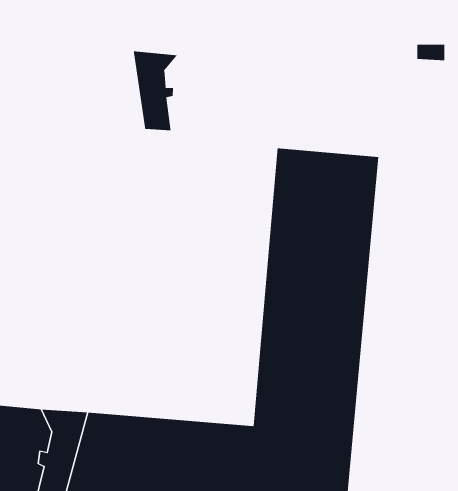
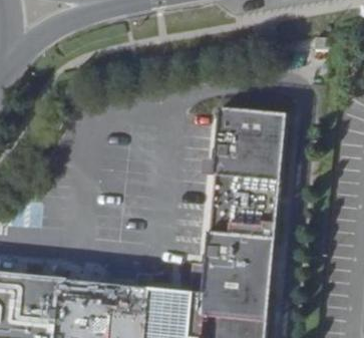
building: [133,50,178,131] -> none

